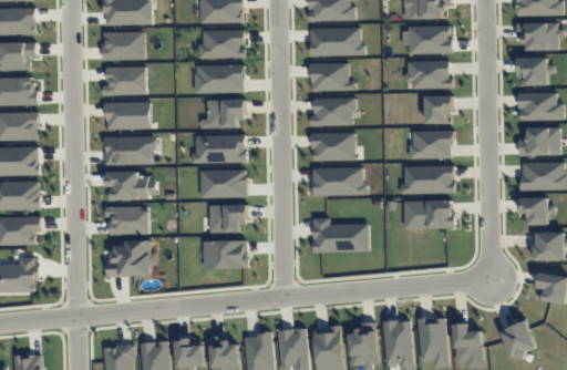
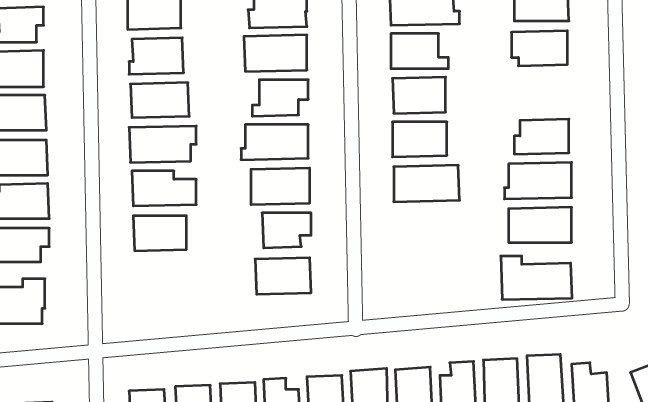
building: [424,95,452,124] -> none
building: [312,218,369,253] -> [501,256,572,299]
building: [107,240,155,277] -> none

